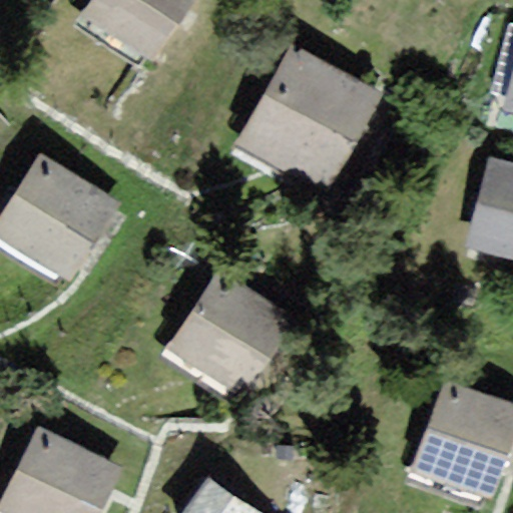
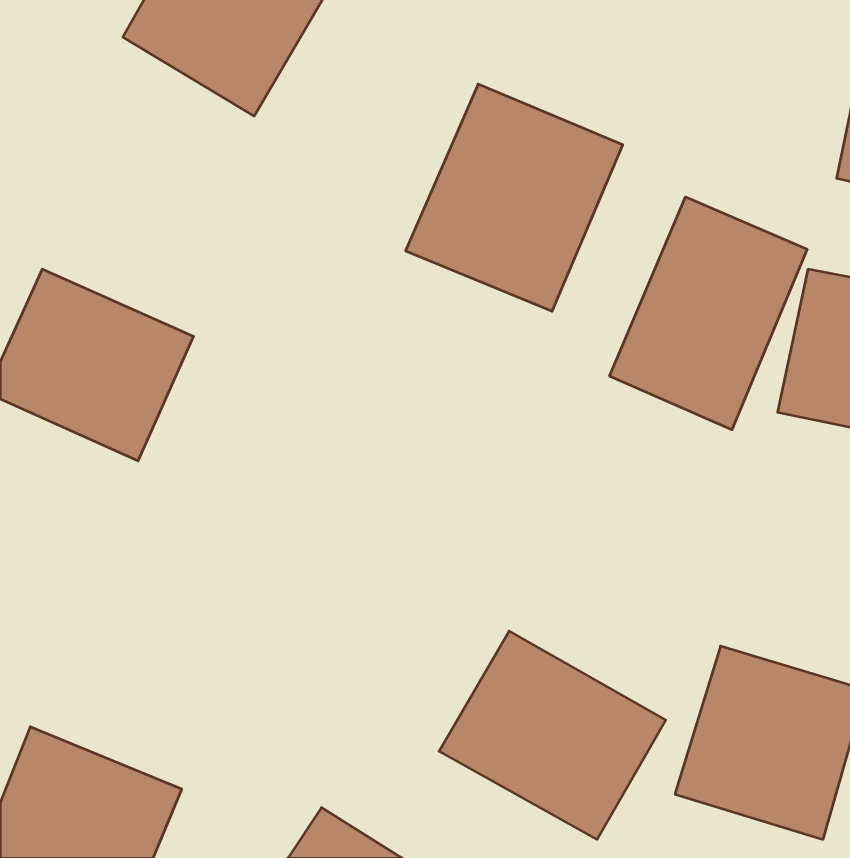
building: none -> [610,197,807,430]
building: [163,273,298,404] -> none
building: none -> [439,631,666,839]

